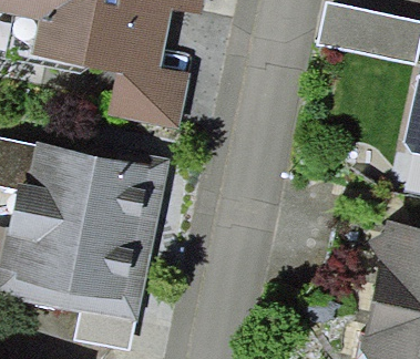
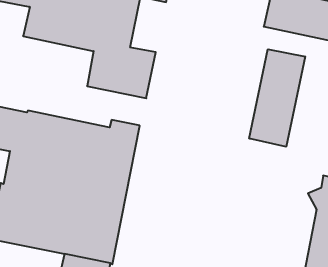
building: none -> [249,49,305,147]

